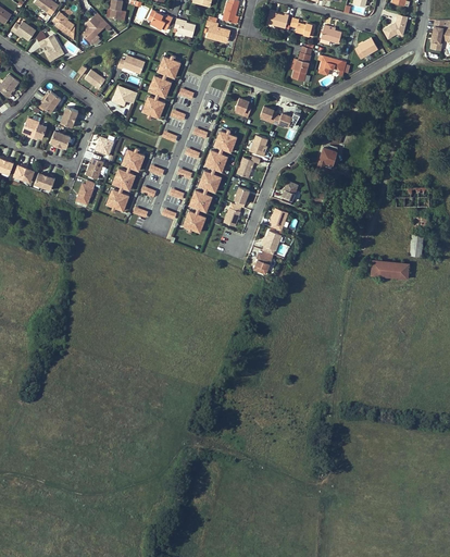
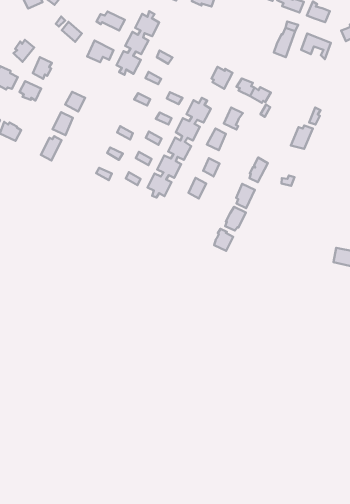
building: [108,148,143,211] -> none

